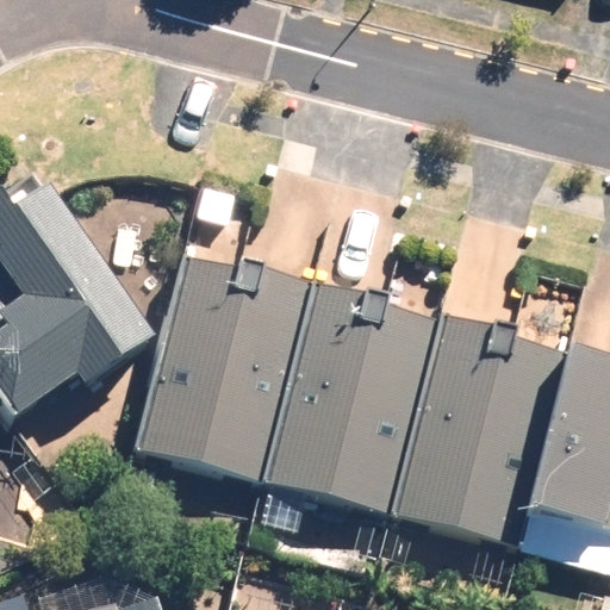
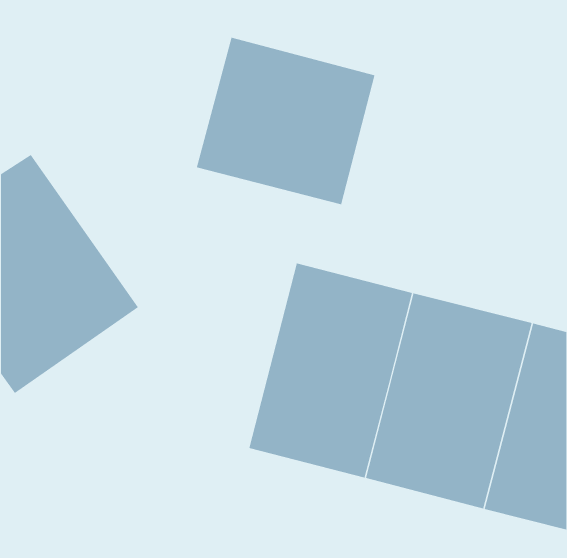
building: none -> [196,37,375,205]
building: [139,249,318,481] -> none

